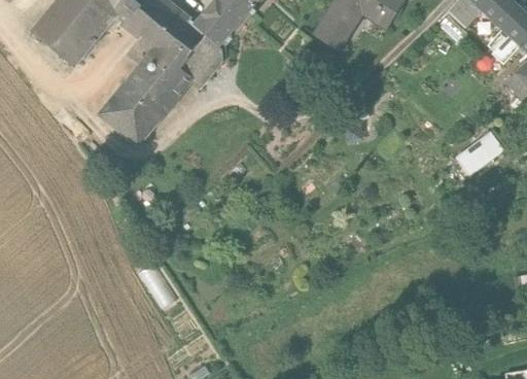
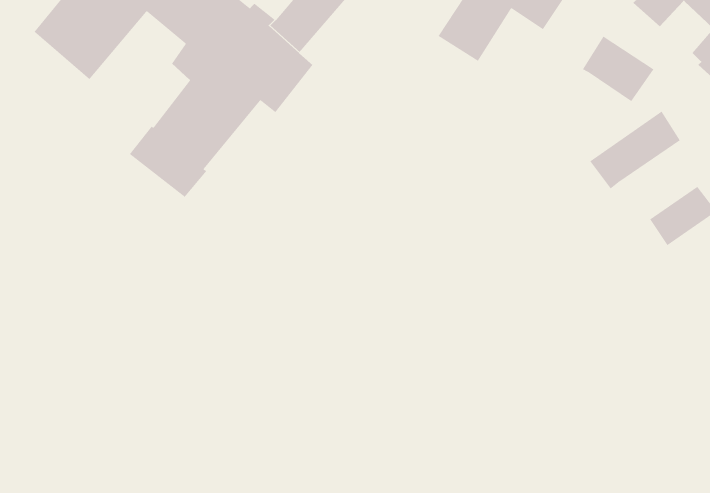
building: none -> [582,36,654,102]
building: none -> [589,111,681,189]

